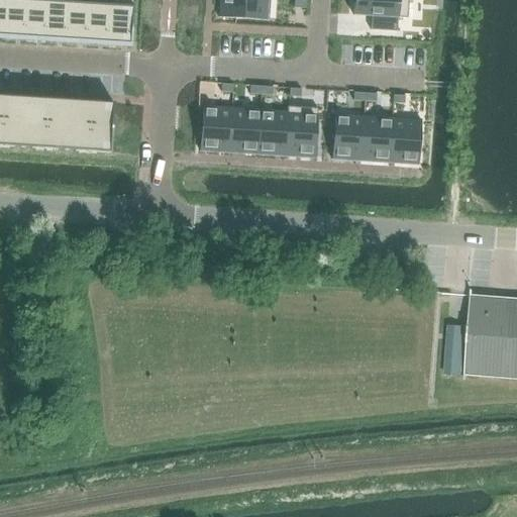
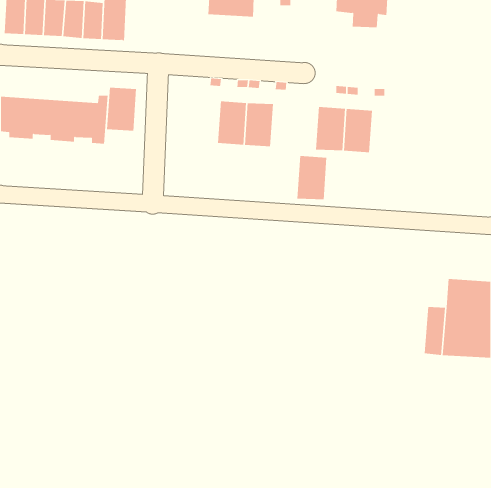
building: [199,104,231,150] -> [106,87,137,131]
building: [285,109,317,156] -> [297,156,327,200]
building: [389,116,421,163] -> none

